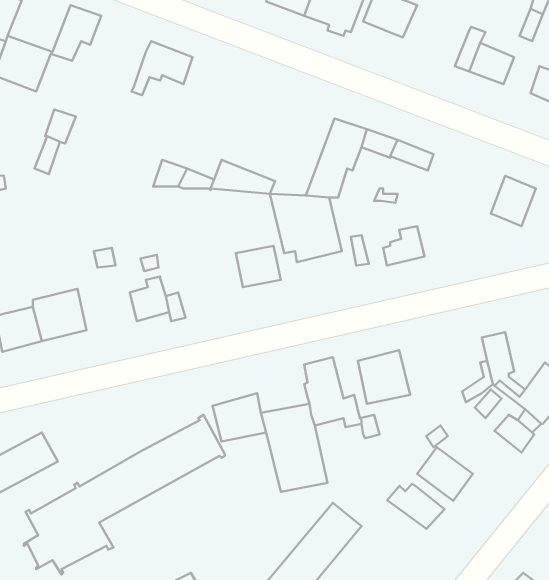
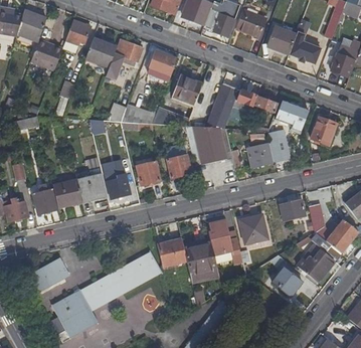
building: none -> [268,26,298,54]
building: none -> [86,38,117,66]
building: none -> [148,51,177,79]
building: none -> [173,74,203,105]
building: none -> [275,100,308,136]
building: none -> [266,129,290,162]
building: none -> [137,162,160,184]
building: none -> [78,174,107,202]
building: none -> [276,200,302,221]
building: [387,484,445,529] -> [295,256,327,282]

